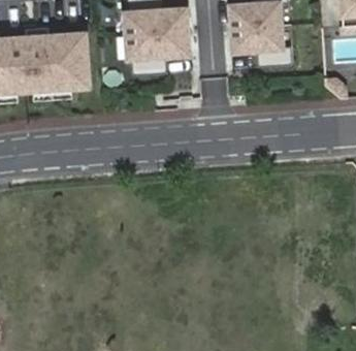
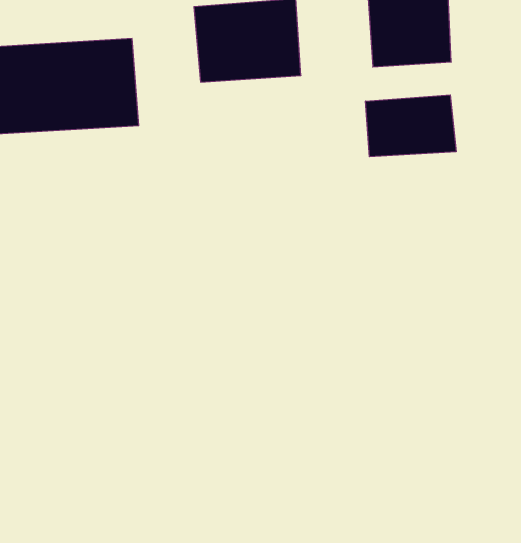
building: none -> [366,95,456,157]

